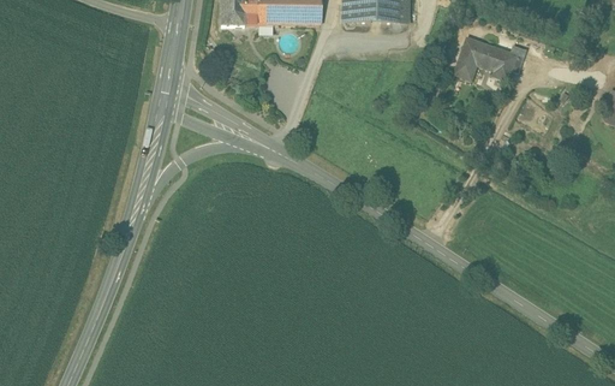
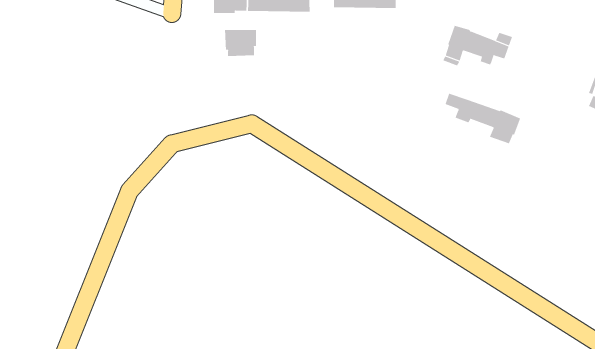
building: none -> [225,29,256,57]
building: none -> [445,93,521,144]

